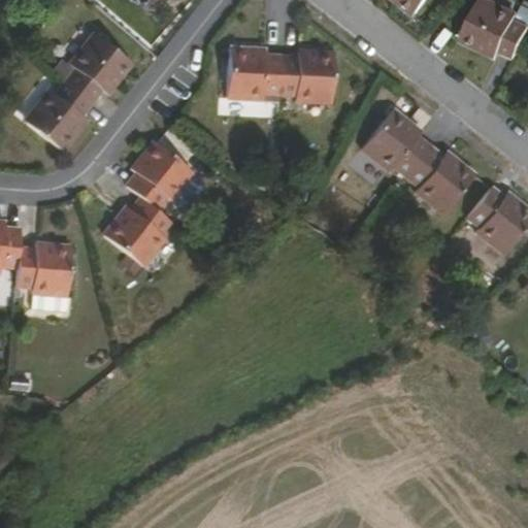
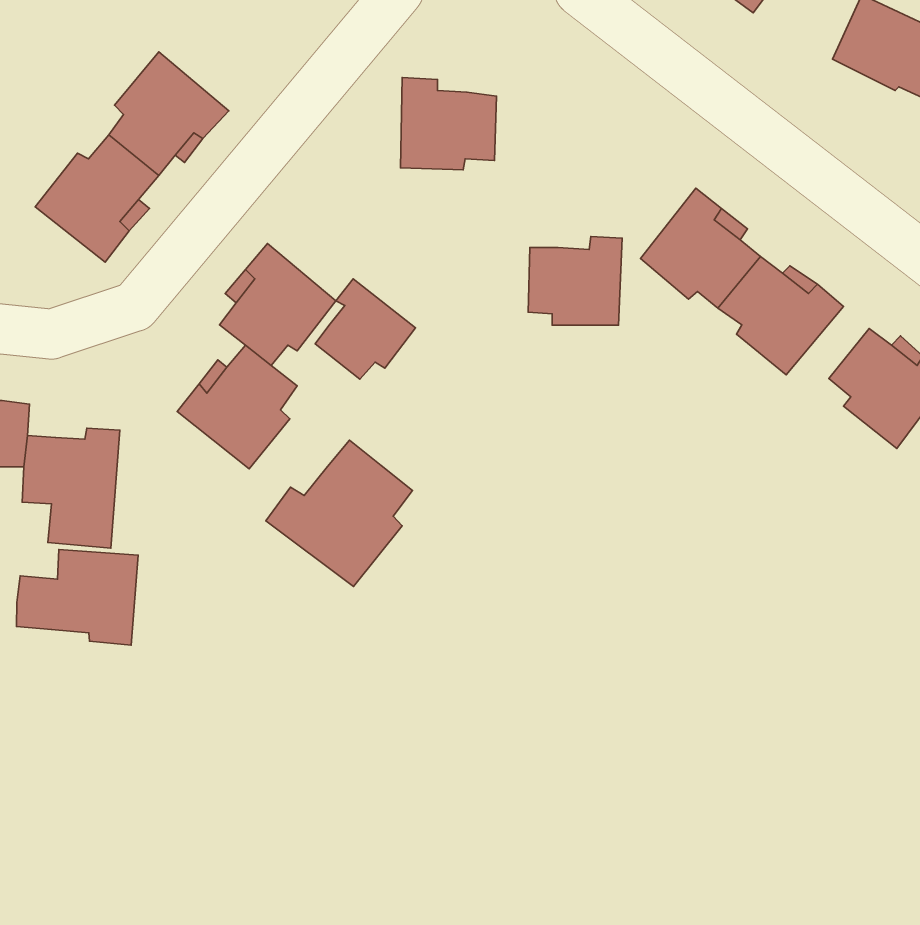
building: [280,51,333,100] -> [528,236,622,325]
building: none -> [315,279,415,379]
building: none -> [266,440,413,586]
building: none -> [17,549,138,645]

